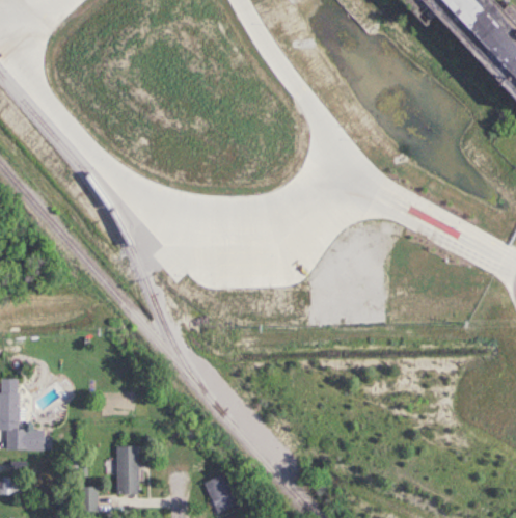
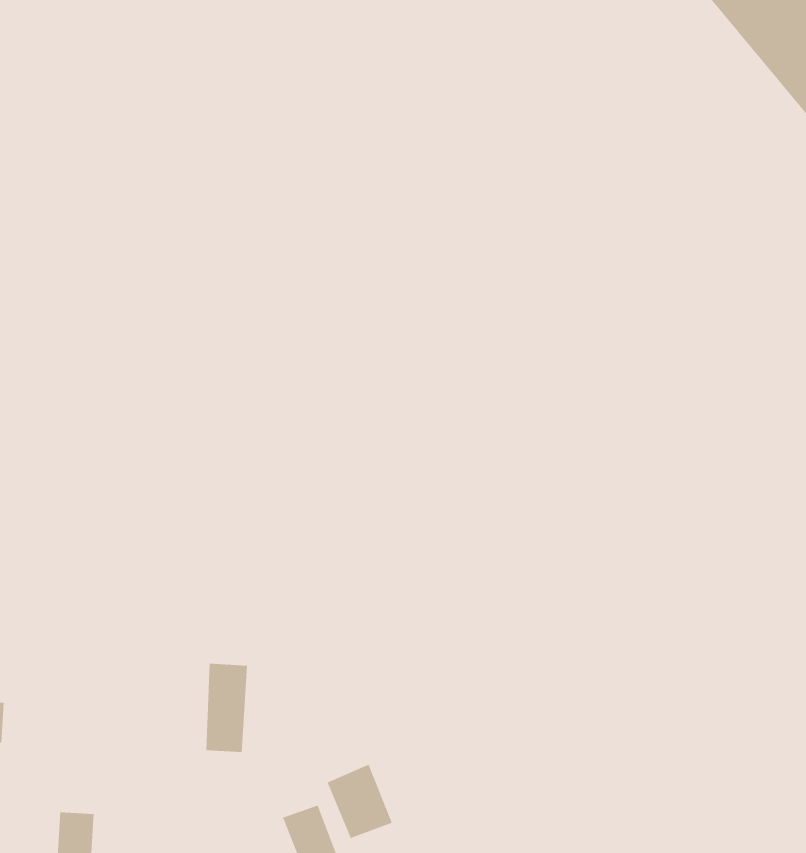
building: [118,444,140,493] -> [205,663,248,753]
building: none -> [327,764,392,839]

